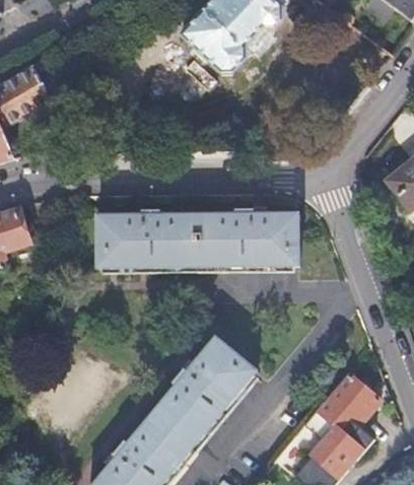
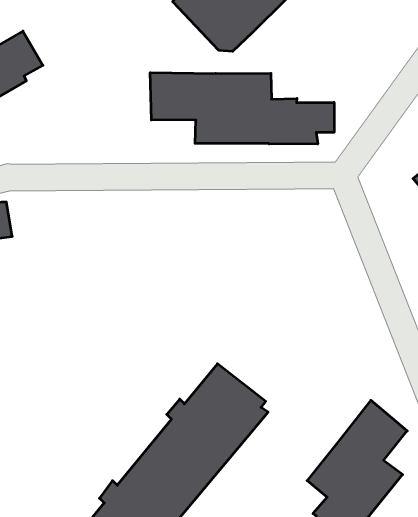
building: none -> [150,73,334,144]
building: [95,207,298,270] -> none

